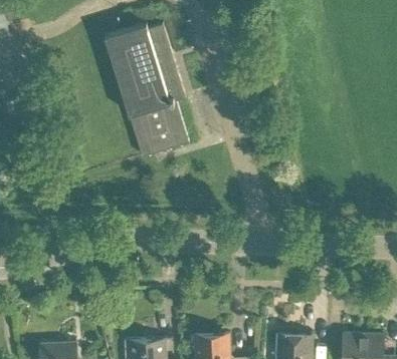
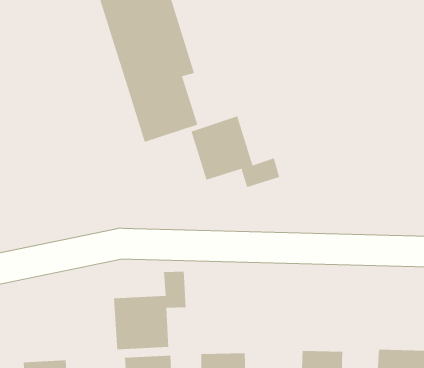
building: none -> [191,116,280,188]
building: none -> [113,271,186,350]

